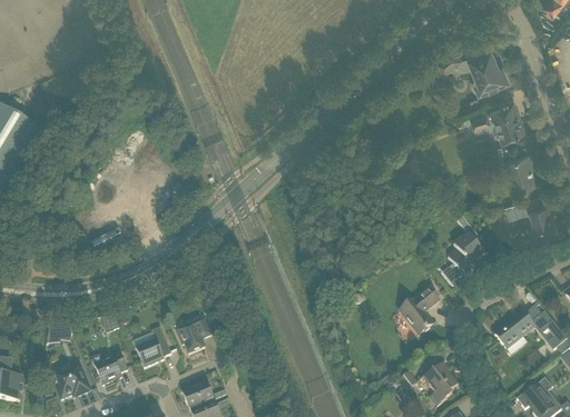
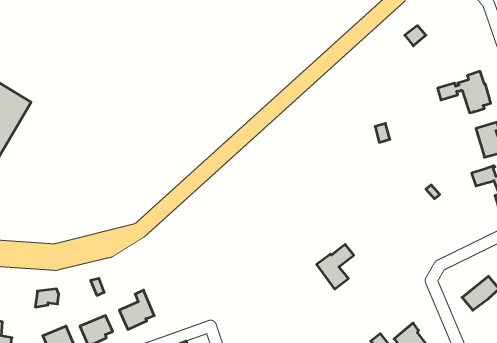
building: [468,44,508,90] -> none
building: [441,234,484,285] -> none
building: [400,287,439,334] -> [317,244,354,289]
building: [176,316,212,351] -> none

